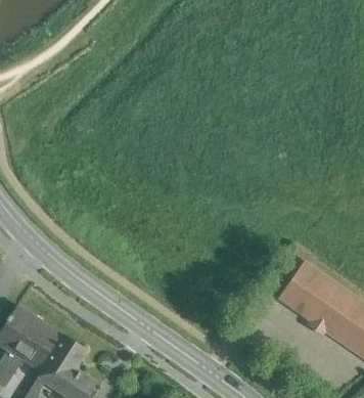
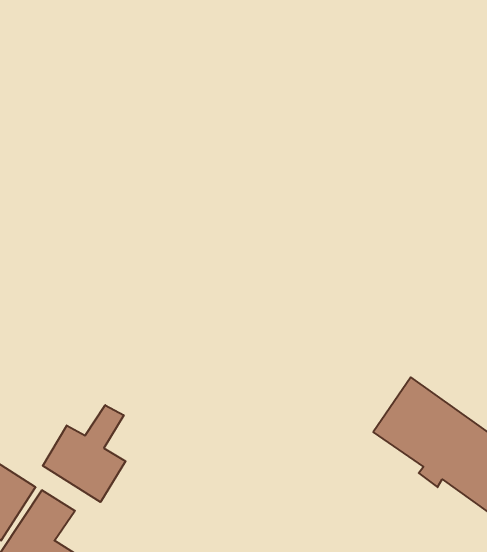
building: none -> [43,405,126,502]

